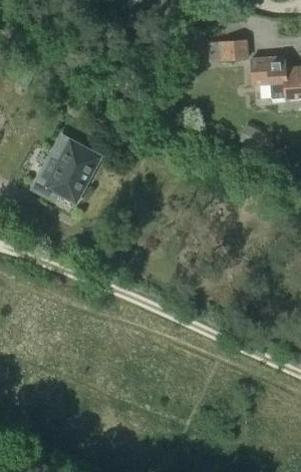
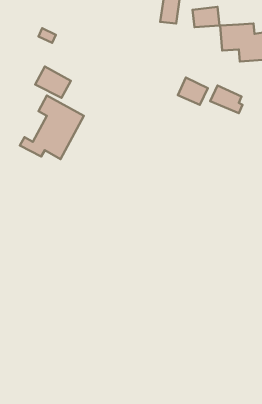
building: none -> [35,67,71,98]
building: none -> [178,78,208,105]

